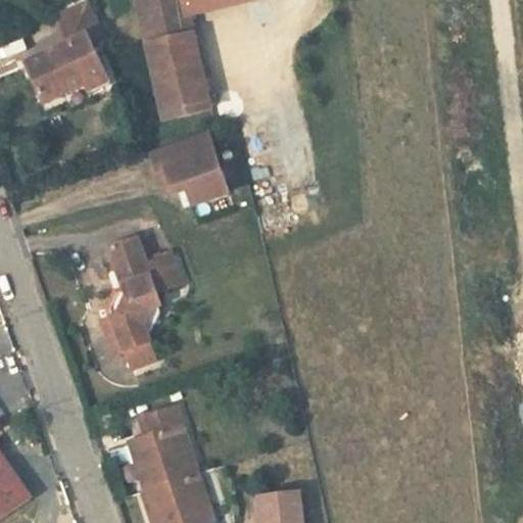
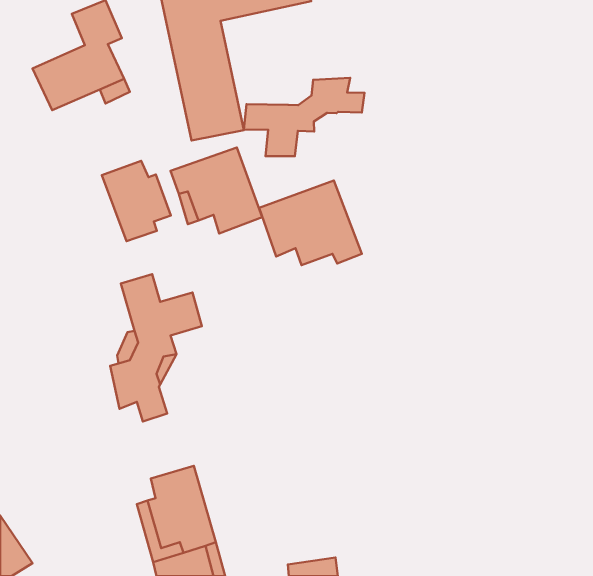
building: none -> [244,78,365,156]
building: none -> [102,161,171,241]
building: none -> [259,181,362,265]

